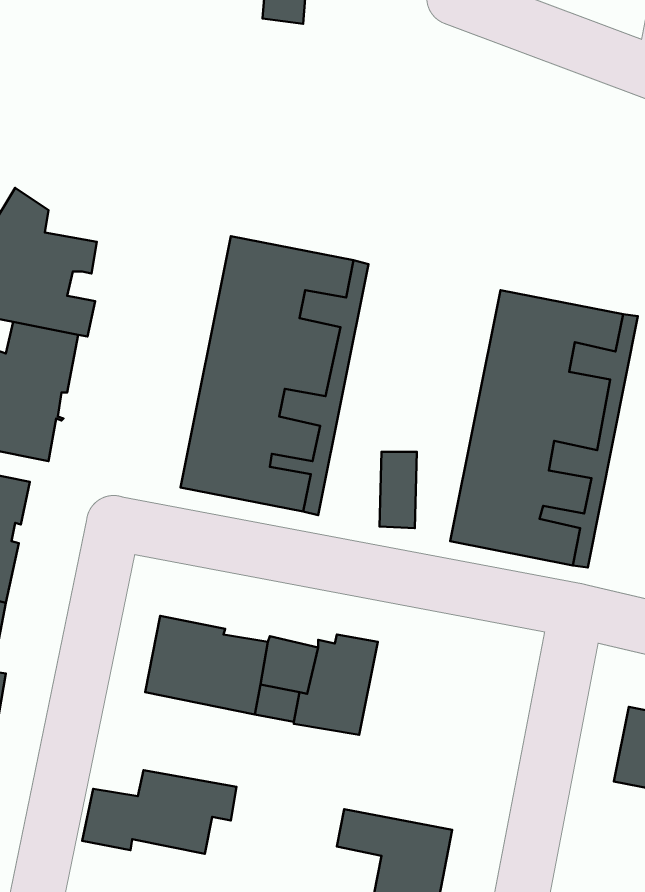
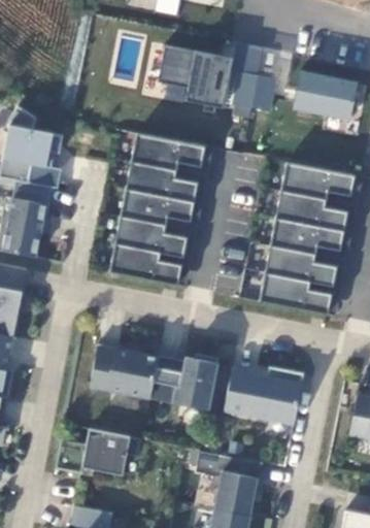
building: none -> [158,44,283,112]
building: none -> [293,72,360,120]
building: none -> [224,367,304,423]

